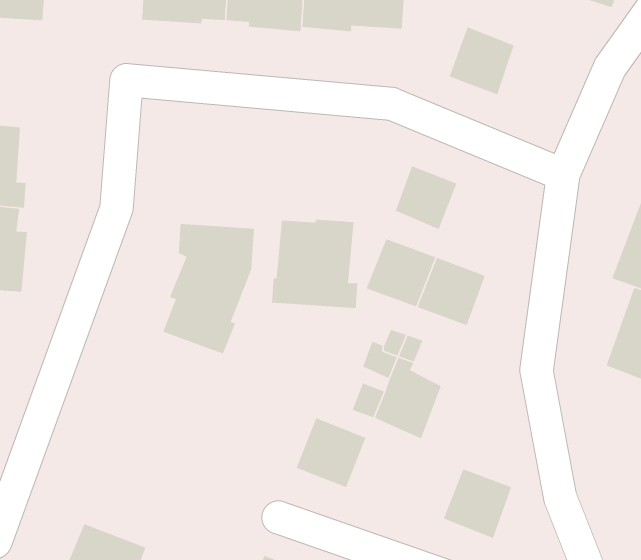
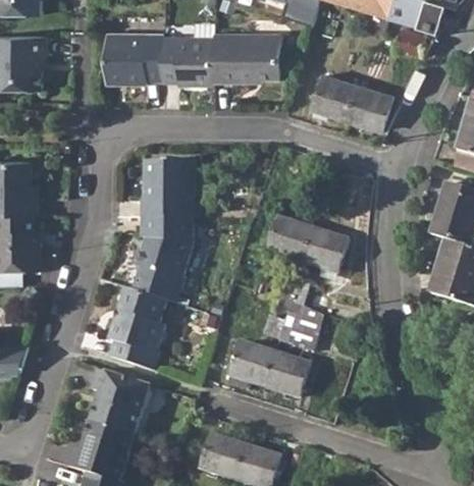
building: none -> [347,84,391,130]
building: [394,165,458,230] -> none
building: [271,219,358,309] -> [141,159,198,217]
building: none -> [107,287,165,370]
building: none -> [90,369,148,434]
building: [443,468,512,539] -> [263,352,308,397]

